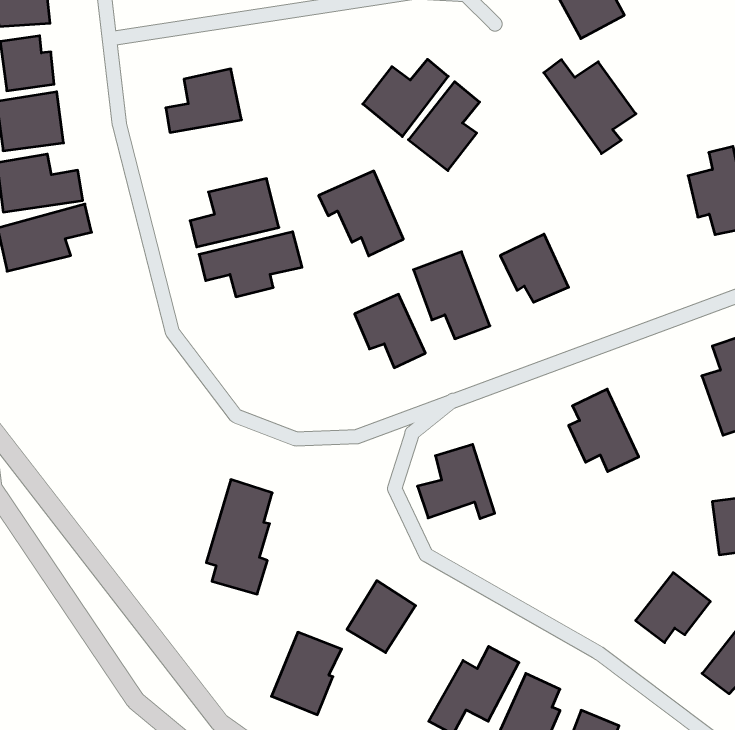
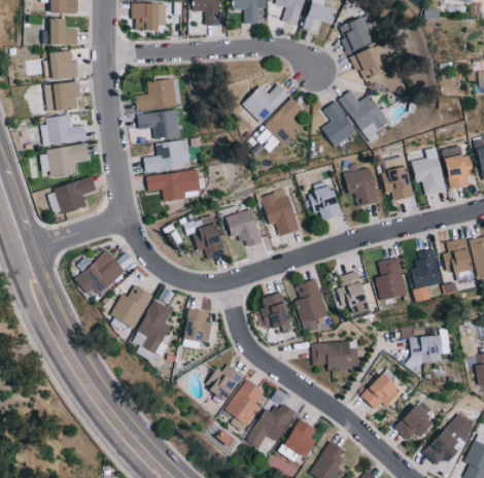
building: none -> [322,101,356,145]
building: none -> [138,110,179,137]
building: none -> [381,156,413,200]
building: [319,171,403,256] -> [183,213,227,259]
building: none -> [345,168,377,205]
building: none -> [46,177,97,214]
building: none -> [375,257,406,300]
building: none -> [74,249,126,294]
building: none -> [296,279,326,331]
building: none -> [107,283,152,334]
building: none -> [184,307,213,348]
building: none -> [312,341,358,369]
building: [271,632,342,715] -> [226,378,266,423]

